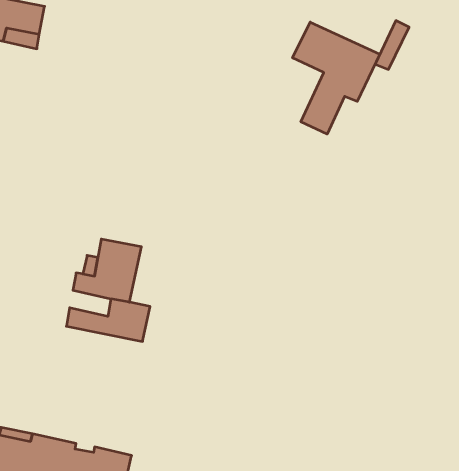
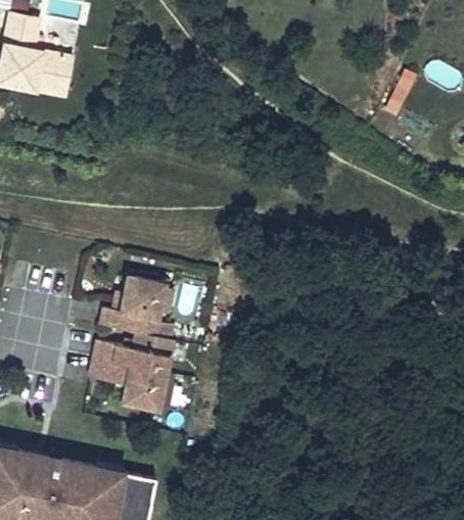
building: [293,22,380,134] -> none
building: none -> [89,359,166,410]

